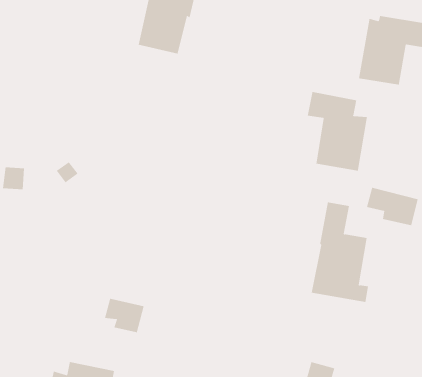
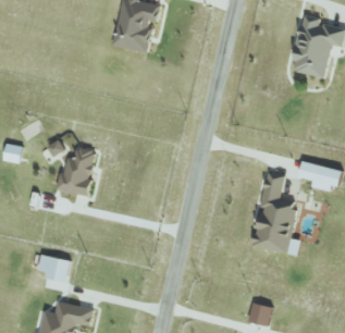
building: [307,91,367,172] -> none
building: none -> [61,146,94,194]
building: [104,298,144,333] -> [37,254,70,282]

